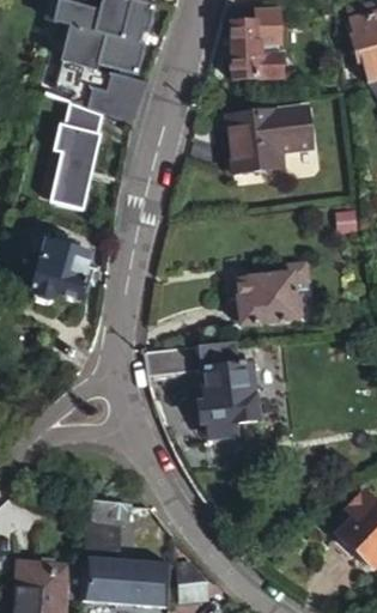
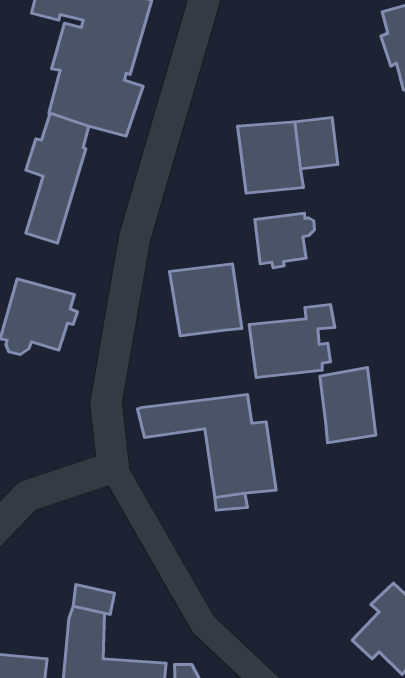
building: [230,18,287,75] -> none
building: none -> [255,213,314,268]
building: none -> [169,264,242,336]
building: none -> [320,367,376,443]

